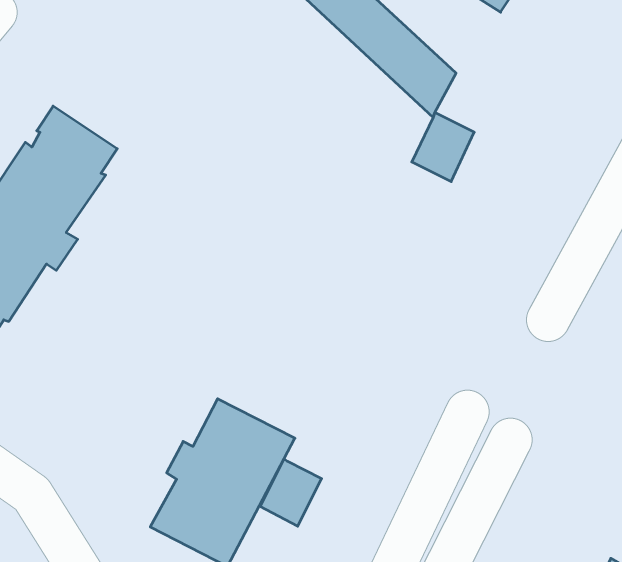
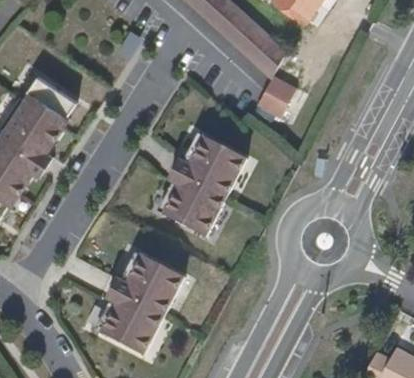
building: none -> [160,132,248,235]
building: [260,459,322,526] -> none

